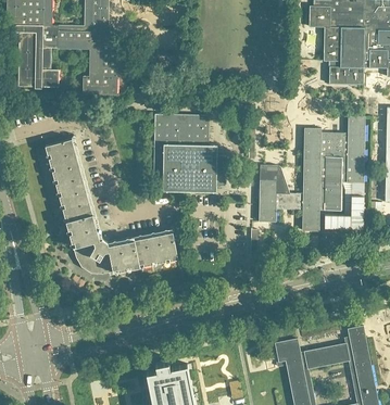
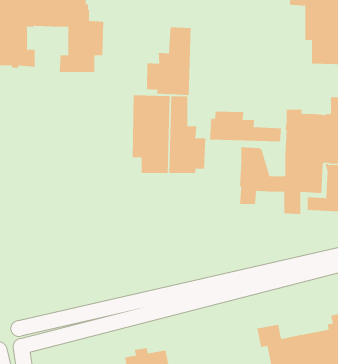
building: none -> [146,27,191,96]
building: none -> [209,111,281,142]
building: [45,138,177,274] -> none

